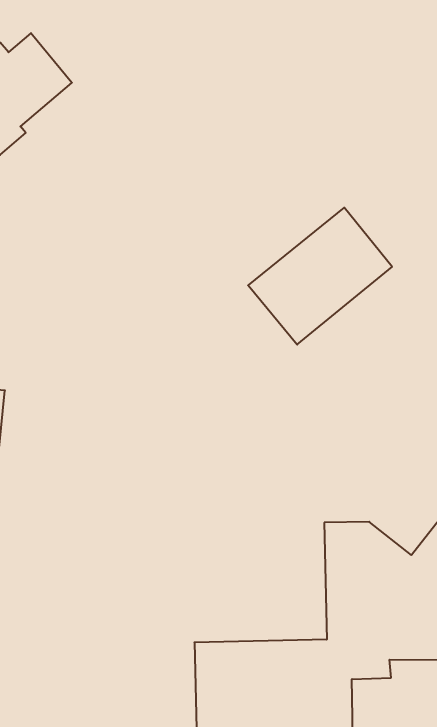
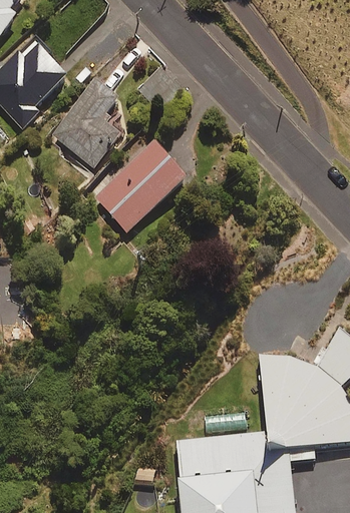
building: none -> [56,80,121,168]
building: [248,208,392,345] -> [92,138,188,232]

